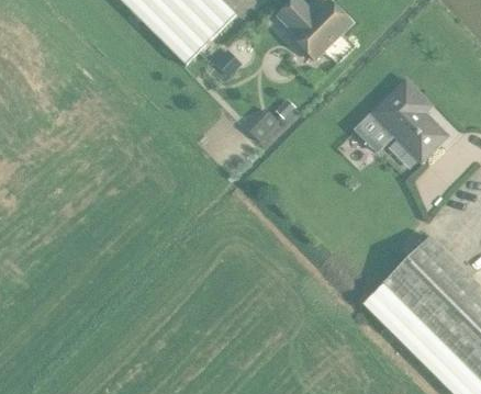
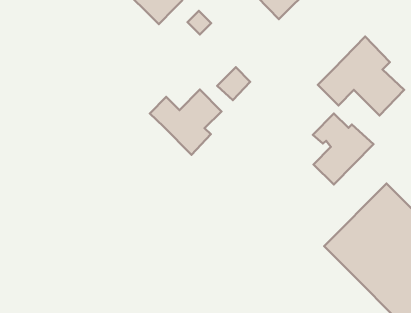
building: none -> [150,90,221,155]
building: none -> [313,114,373,185]

